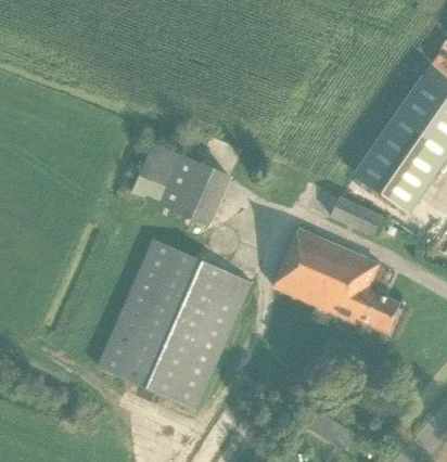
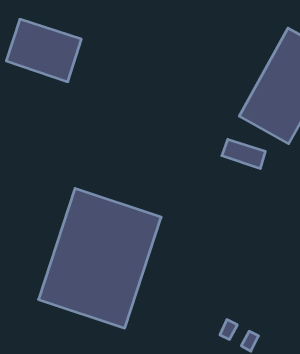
building: [133,141,225,220] -> [6,19,81,82]
building: [273,229,400,332] -> none

